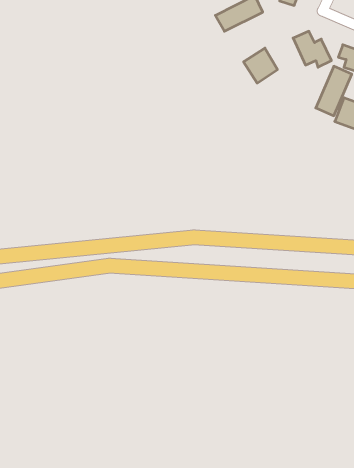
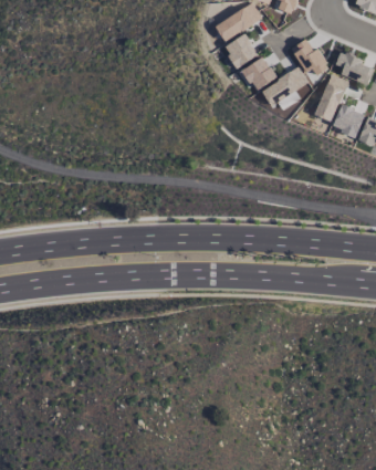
building: none -> [223,34,258,69]
building: none -> [261,69,307,109]

